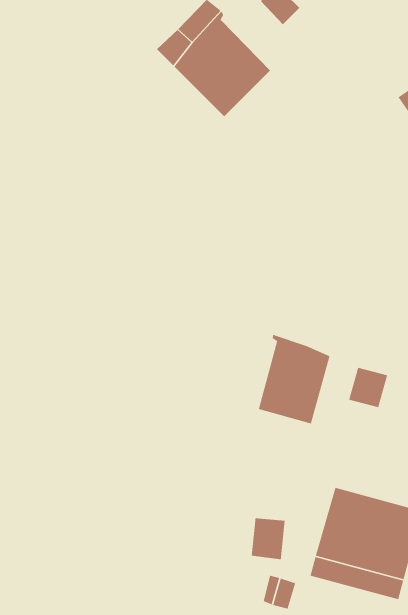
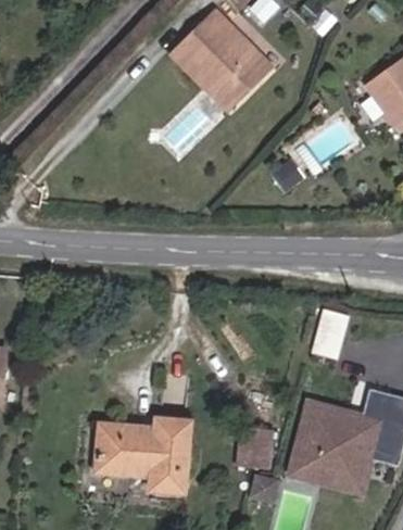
building: [258,334,331,424] -> none
building: none -> [95,414,190,490]

